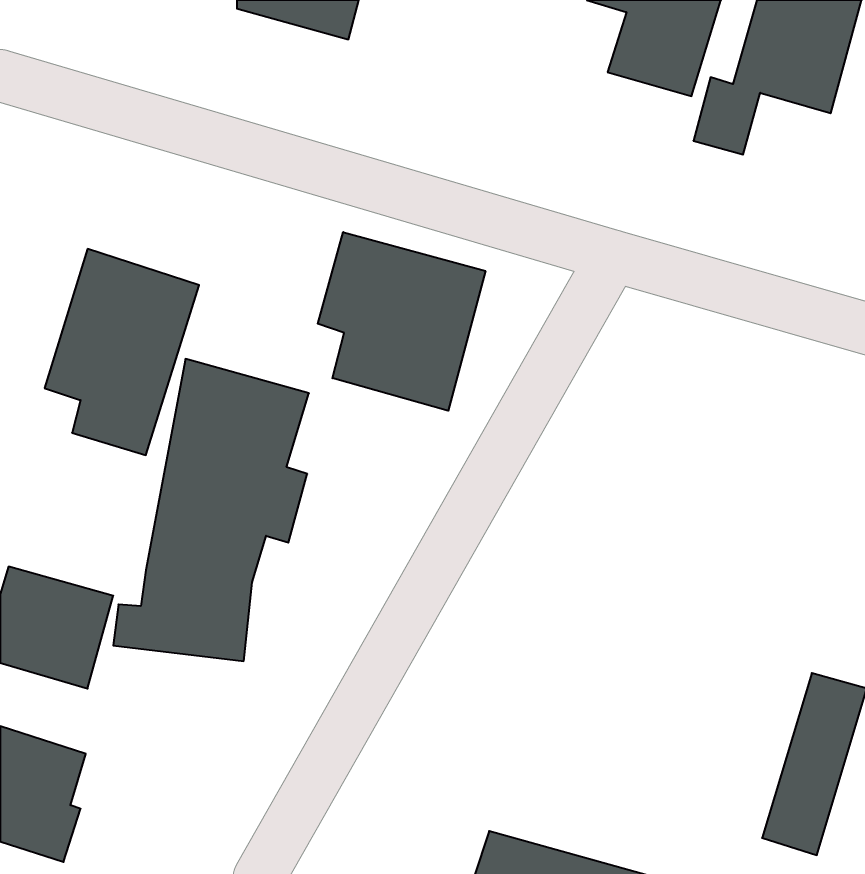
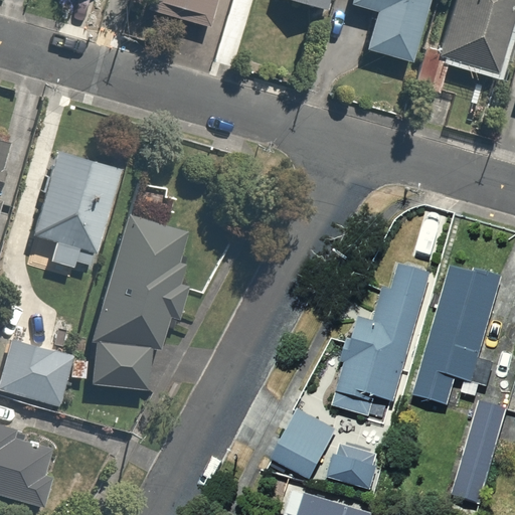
building: [318,232,485,411] -> none
building: none -> [329,262,427,419]
building: none -> [413,265,501,405]
building: none -> [273,408,341,482]
building: none -> [335,446,383,492]

